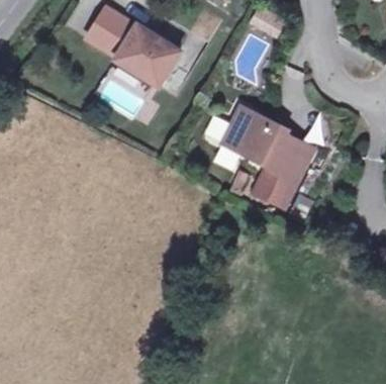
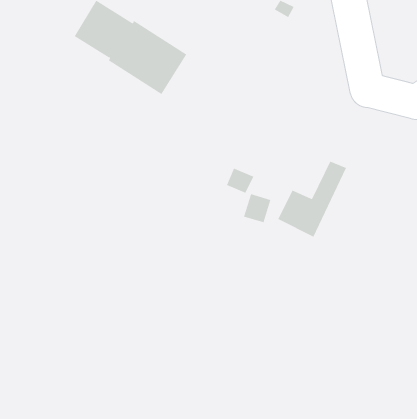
building: [222,107,299,173] -> none

